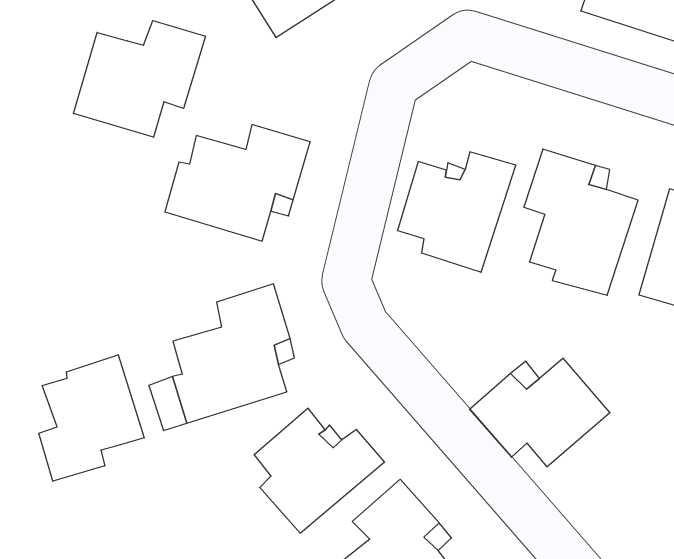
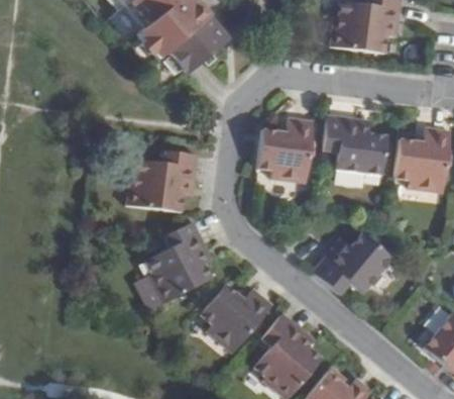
building: [73,21,205,137] -> none
building: [39,355,144,481] -> none

